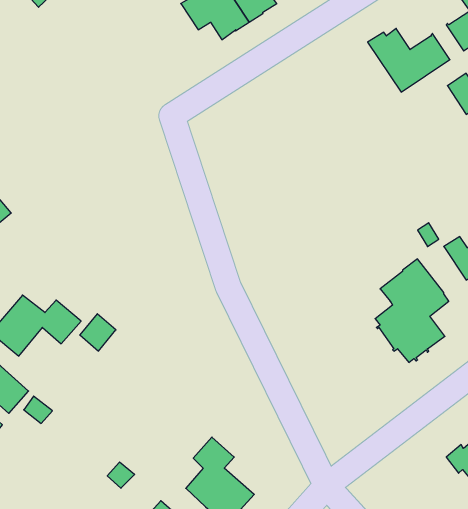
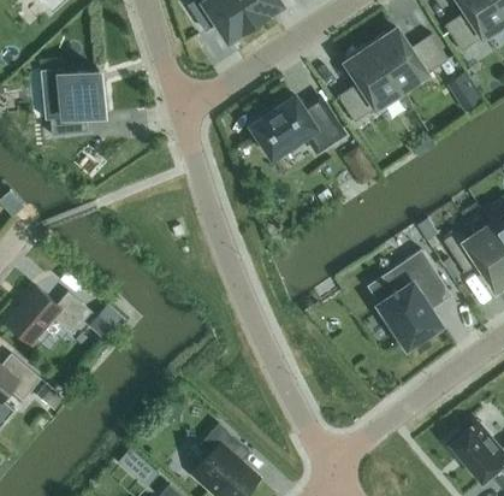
building: none -> [338,42,402,122]
building: none -> [41,70,103,135]
building: none -> [251,96,344,158]

